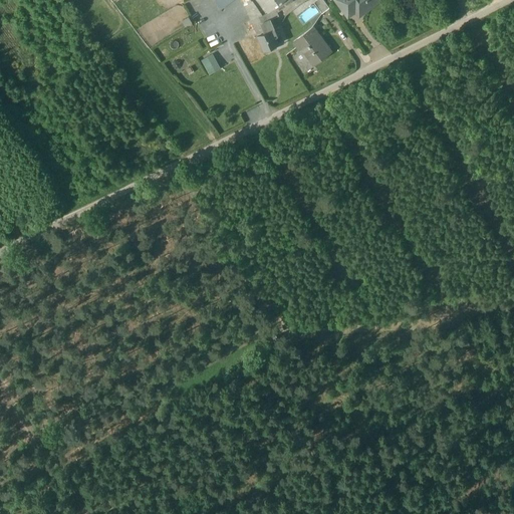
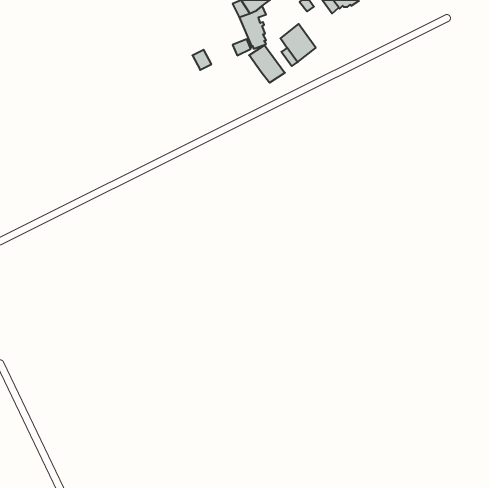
building: none -> [249,45,285,83]

